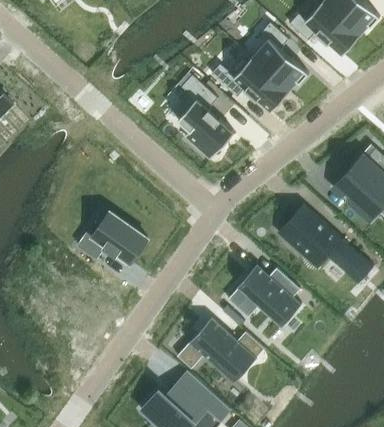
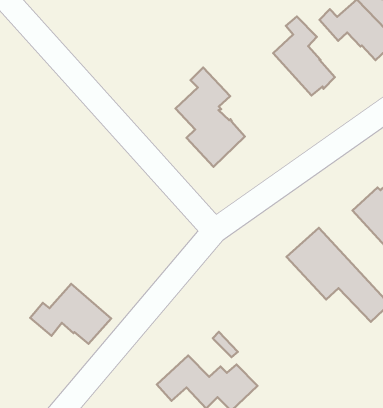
building: [212,49,290,111] -> none
building: [78,211,149,262] -> [30,284,111,344]
building: [229,263,303,328] -> none

